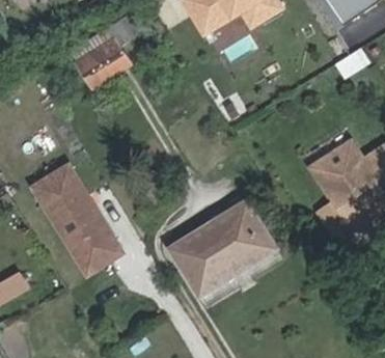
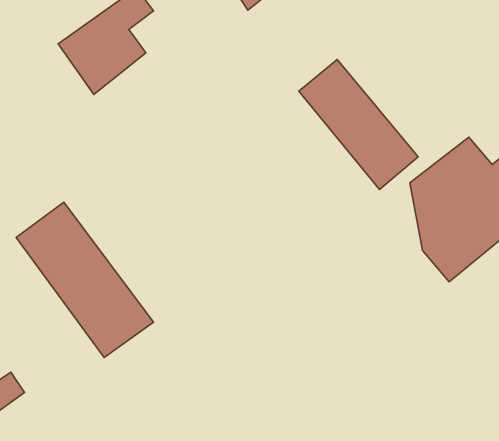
building: none -> [299,59,418,190]
building: [169,201,276,296] -> none

